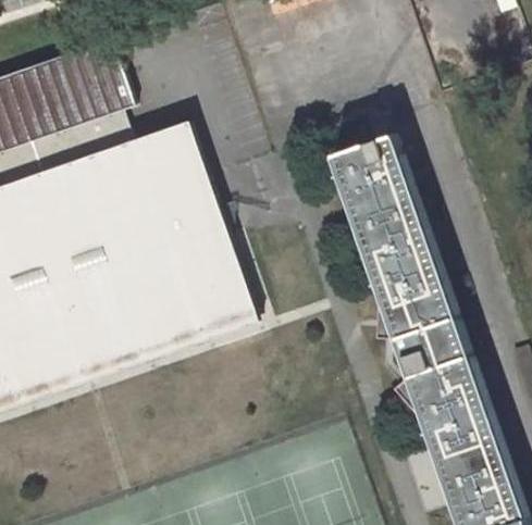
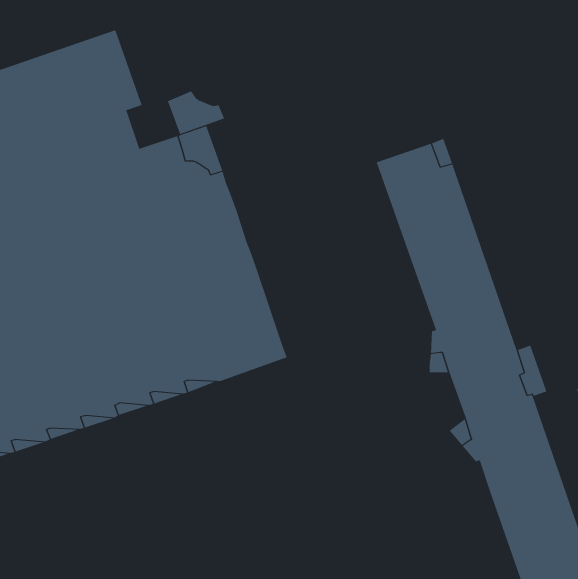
building: none -> [167,90,225,135]

